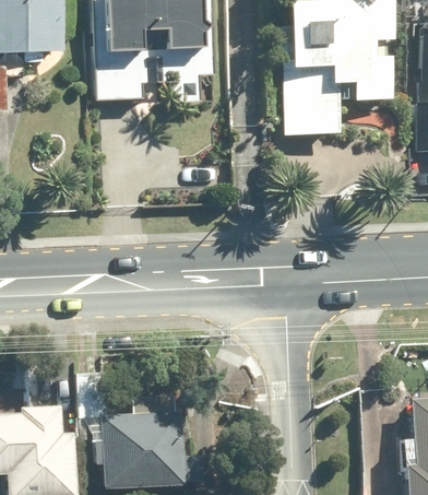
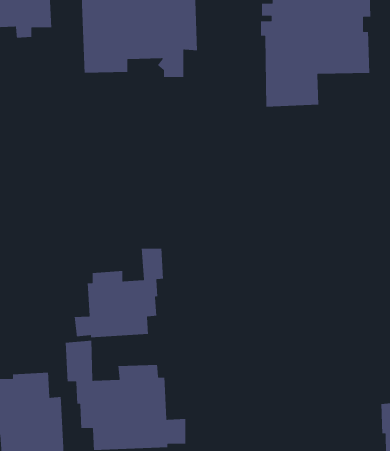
building: none -> [74,248,164,338]

